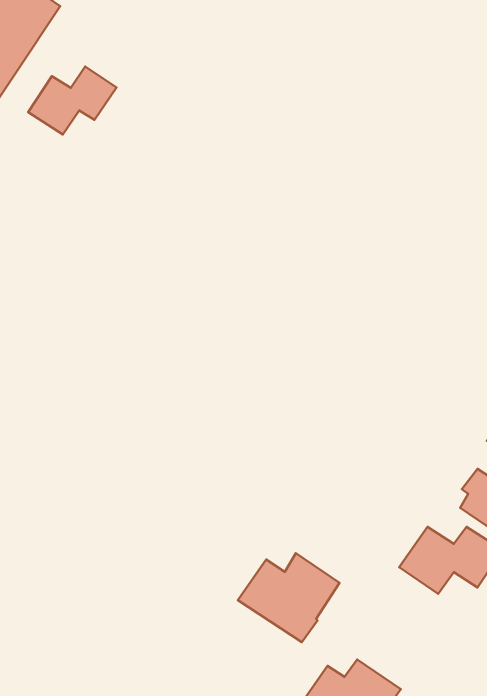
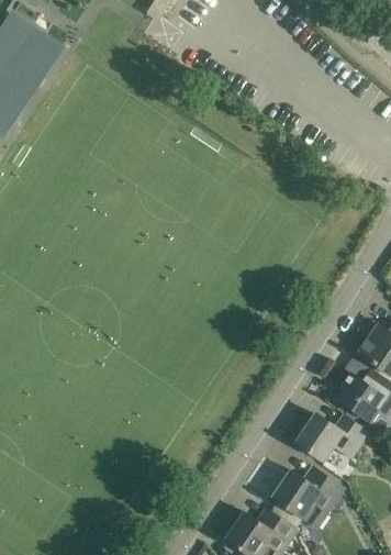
building: [28,66,117,135] -> none
building: [238,553,340,642] -> [272,465,344,528]

